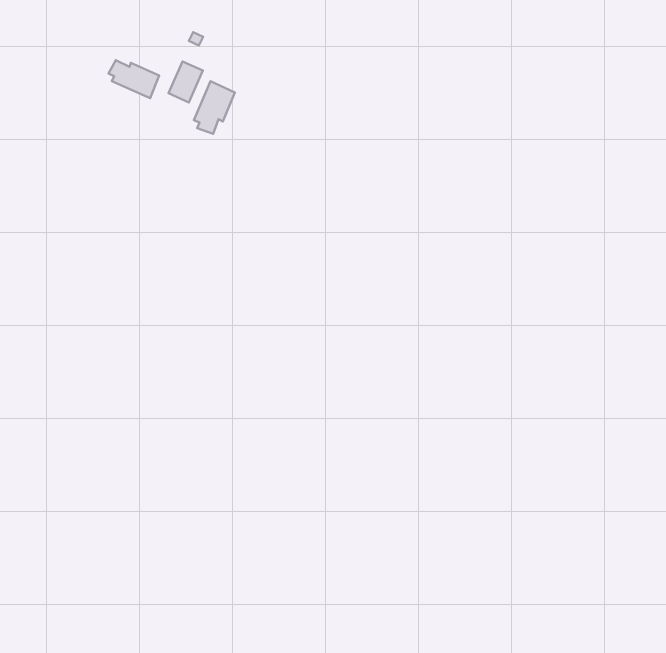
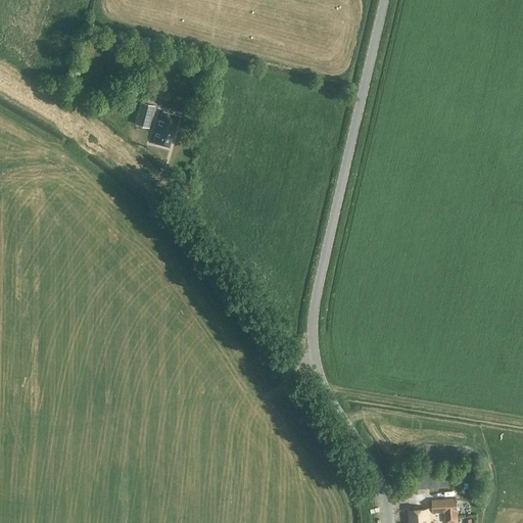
building: [108,60,159,98] -> none

